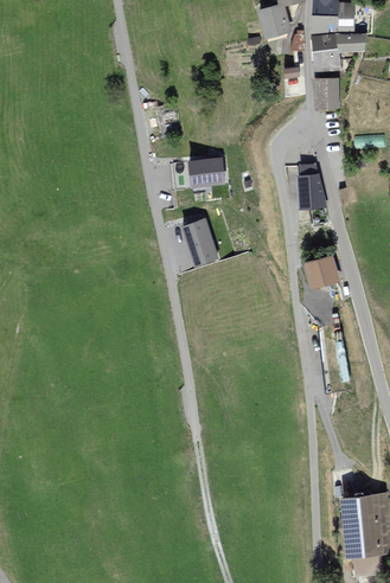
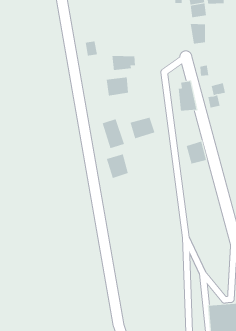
building: none -> [112,55,135,71]
building: none -> [130,117,155,139]
building: none -> [106,154,129,179]

